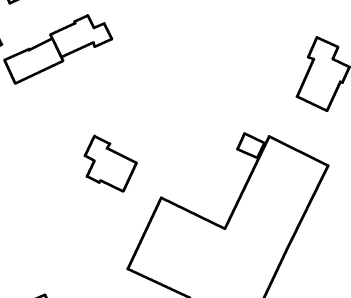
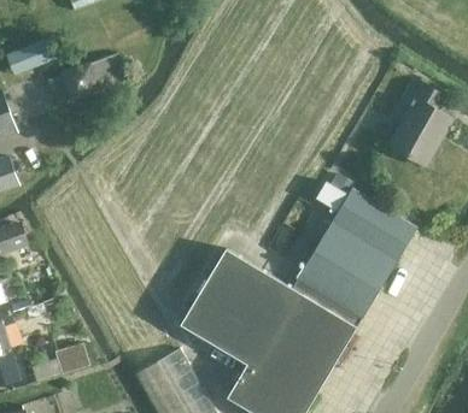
building: [51,15,112,57] -> none
building: [85,136,136,191] -> none

